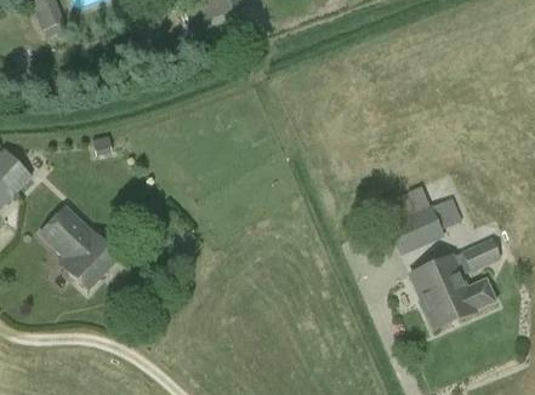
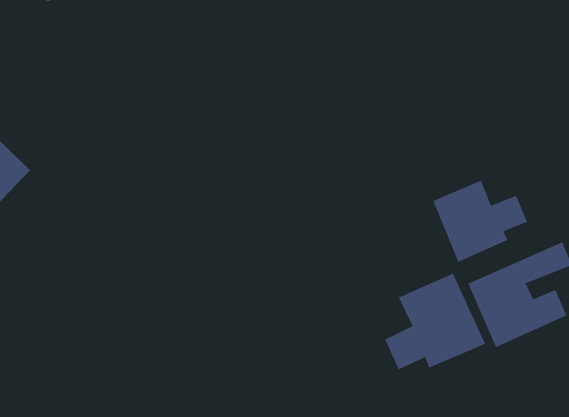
building: [39,205,119,290] -> none
building: none -> [384,273,486,370]

